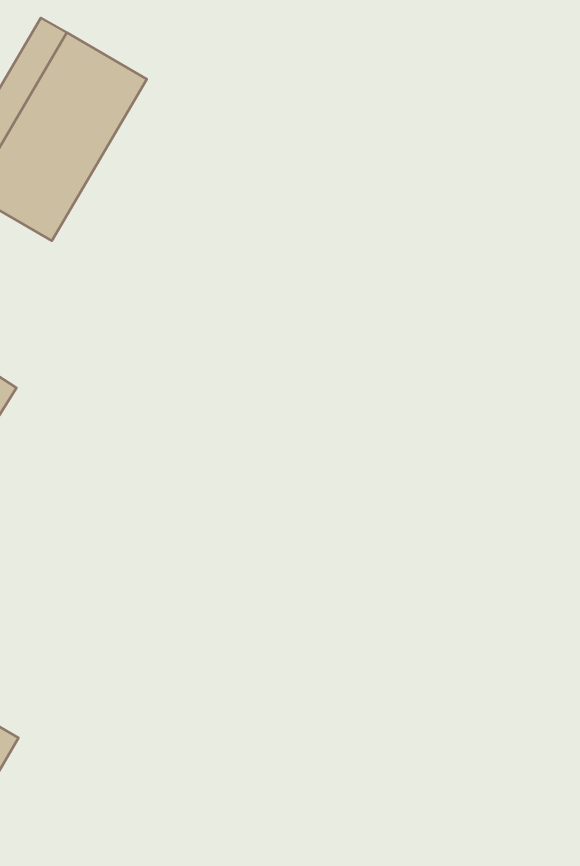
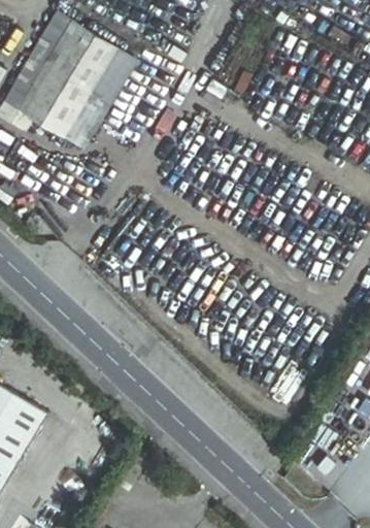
building: none -> [64,47,137,150]

